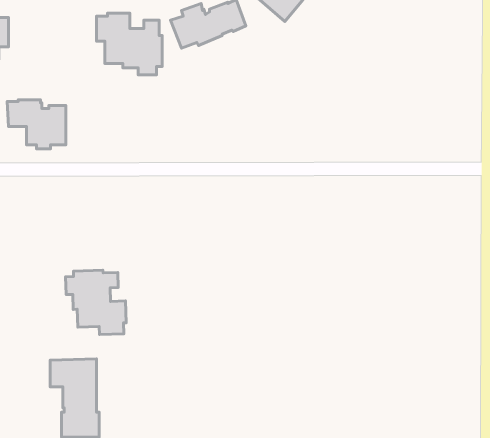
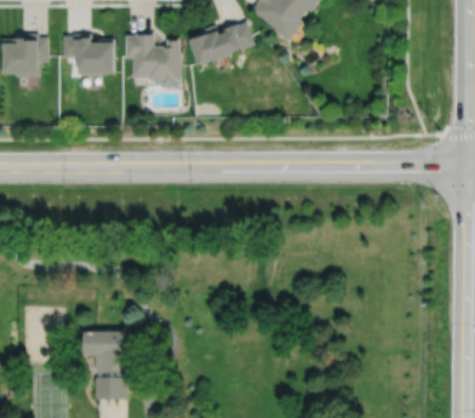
building: [7,100,66,149] -> [63,34,114,76]
building: [65,270,126,335] -> none

